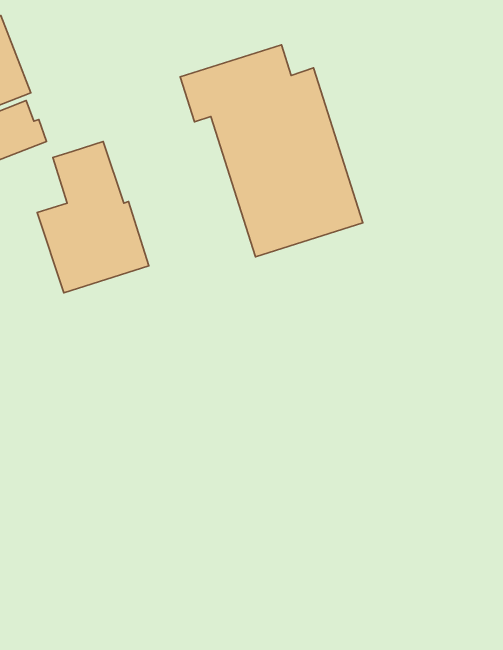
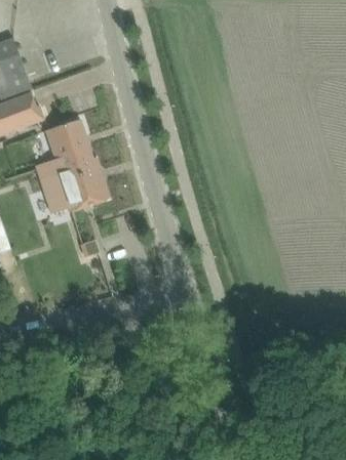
building: [180,45,363,257] -> none

